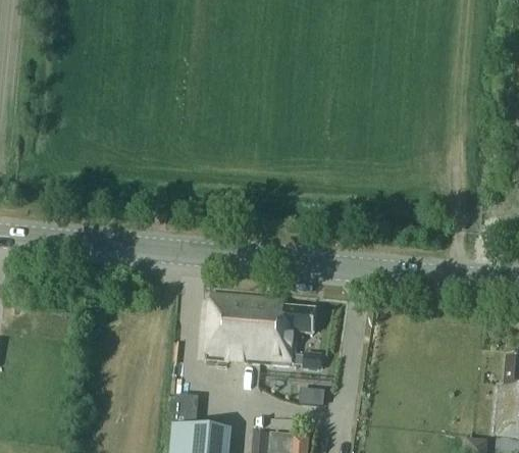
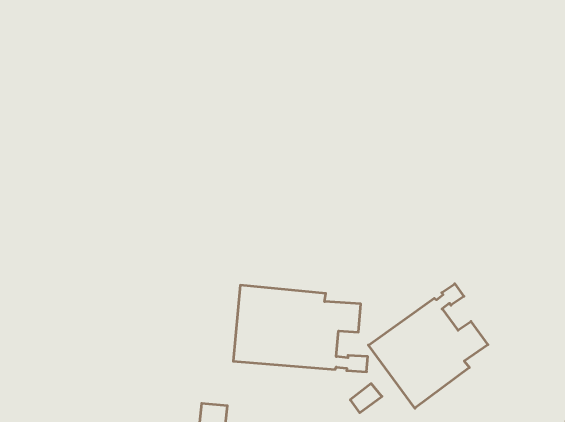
building: none -> [368,284,488,408]

